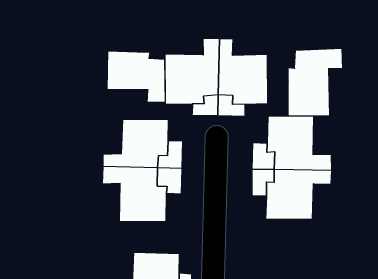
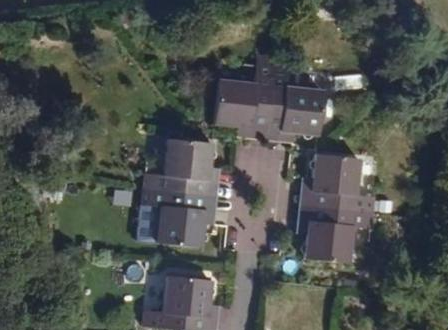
building: [288,48,342,116] -> none
building: [107,51,165,103] -> none

